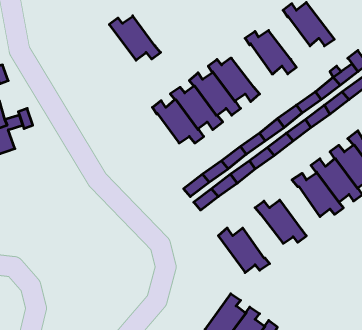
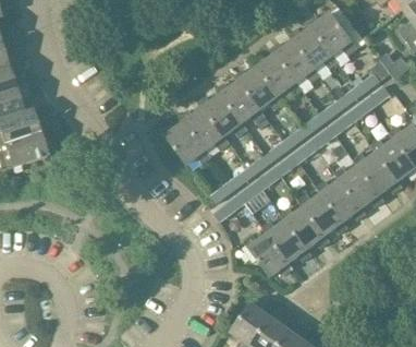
building: [109,16,161,60] -> [161,121,211,165]
building: none -> [289,26,339,69]
building: none -> [252,53,303,96]
building: none -> [298,193,348,236]
building: none -> [261,220,311,263]

